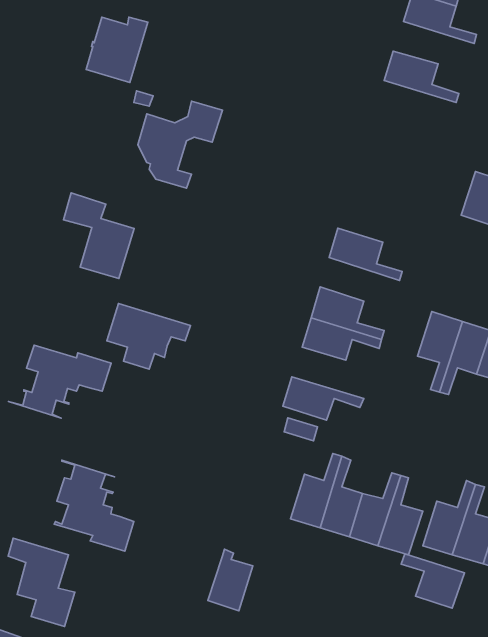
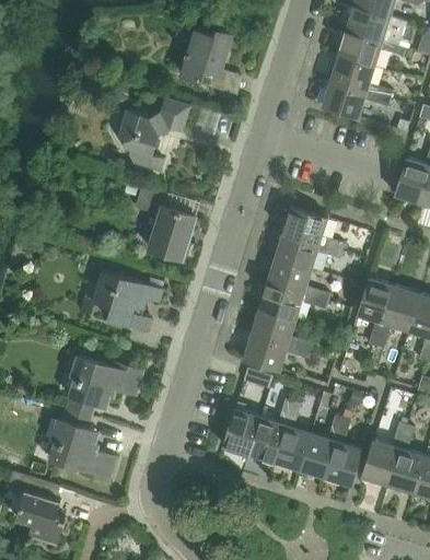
building: [86,17,148,82] -> [179,31,232,86]
building: none -> [336,31,405,67]
building: none -> [321,81,390,118]
building: [64,193,134,279] -> [135,186,195,259]
building: none -> [274,232,341,269]
building: [9,345,111,418] -> [54,357,141,419]
building: none -> [249,308,313,352]
building: [208,549,253,611] -> [222,402,260,455]
building: [401,554,465,608] -> none

